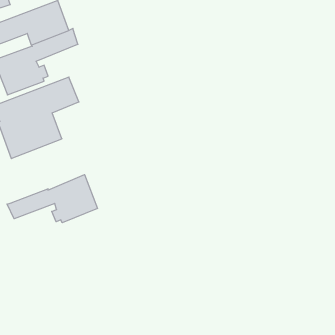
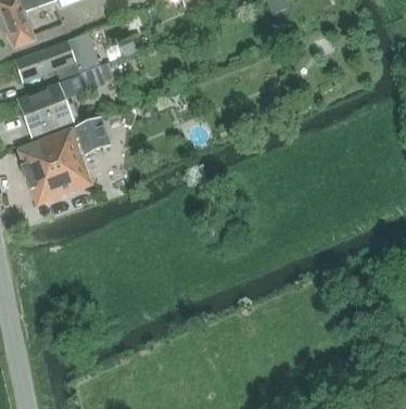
building: [7,175,98,223] -> none

